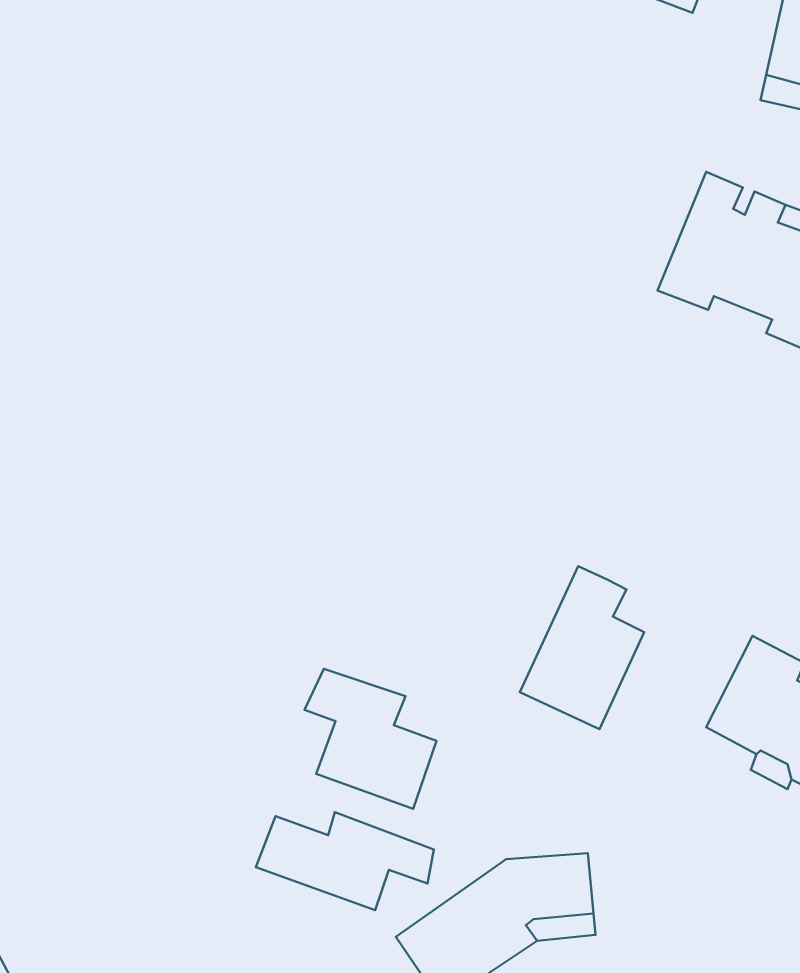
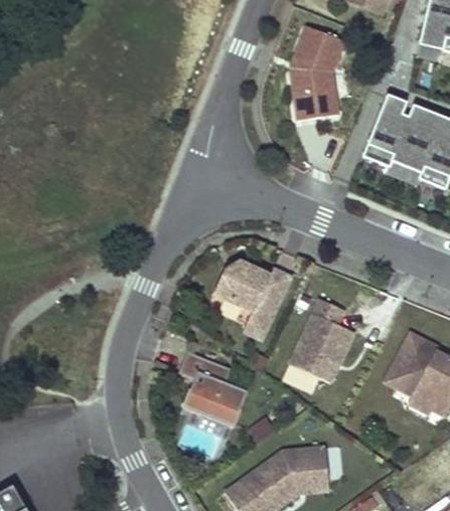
building: none -> [290,27,343,123]
building: none -> [216,260,293,338]
building: [256,812,434,910] -> none

